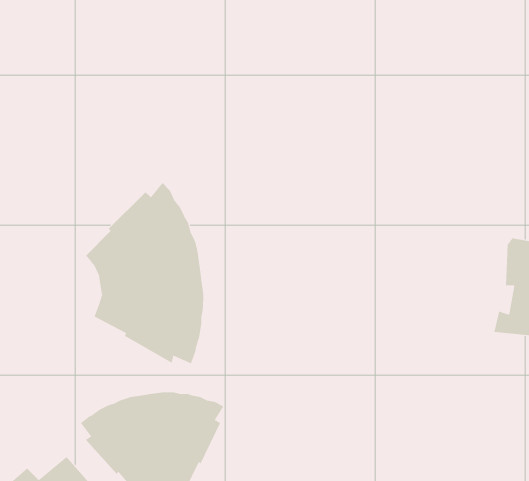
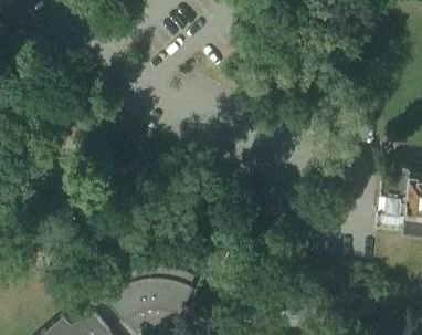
building: [85,182,204,364] -> none

